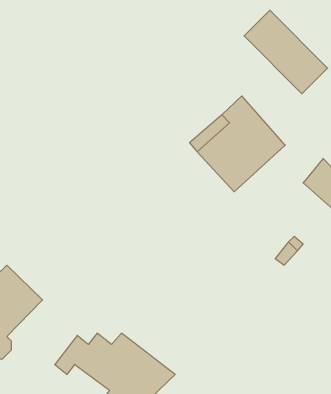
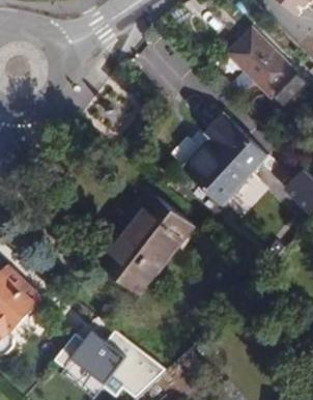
building: none -> [99,195,193,293]

